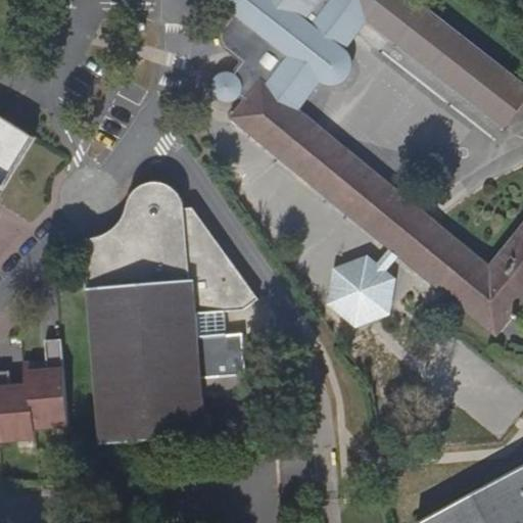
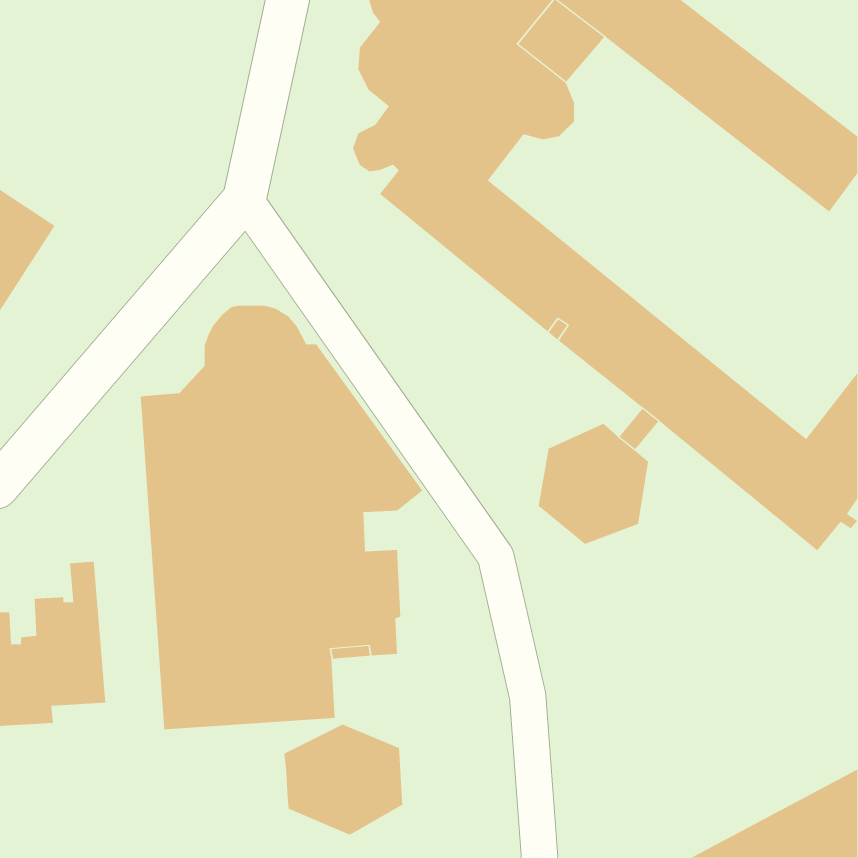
building: none -> [284,724,403,836]

